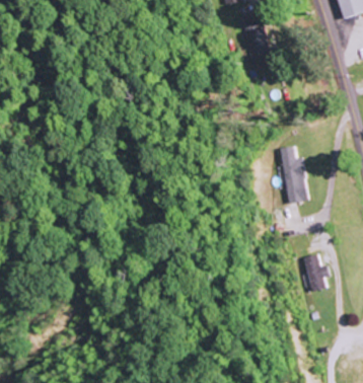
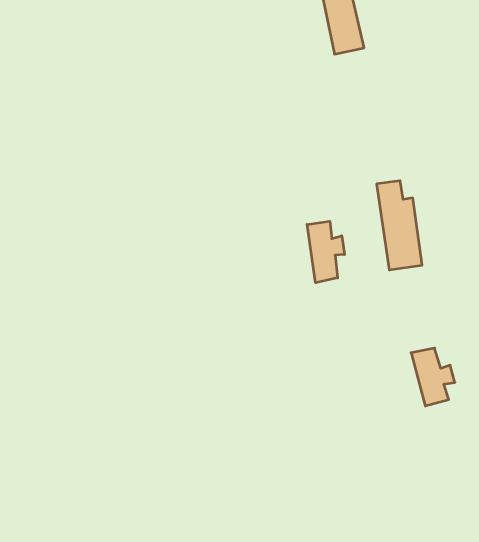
building: none -> [307,221,344,283]

